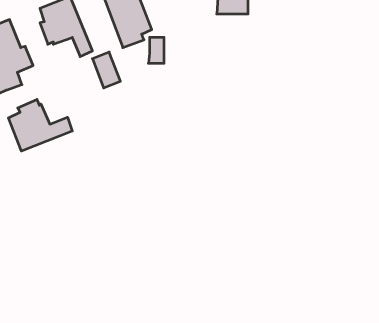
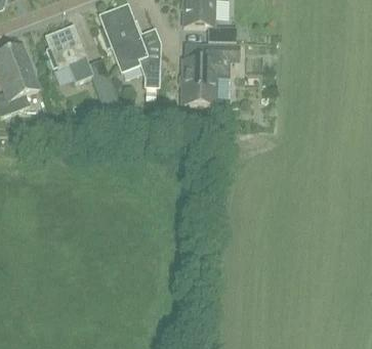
building: none -> [181,43,239,103]
building: [8,99,72,151] -> none

